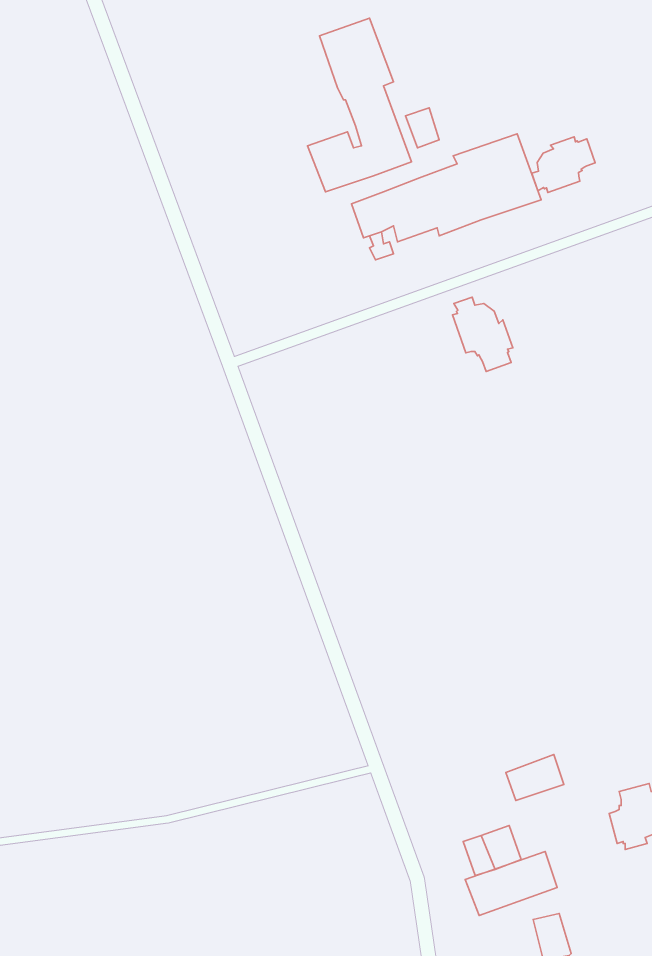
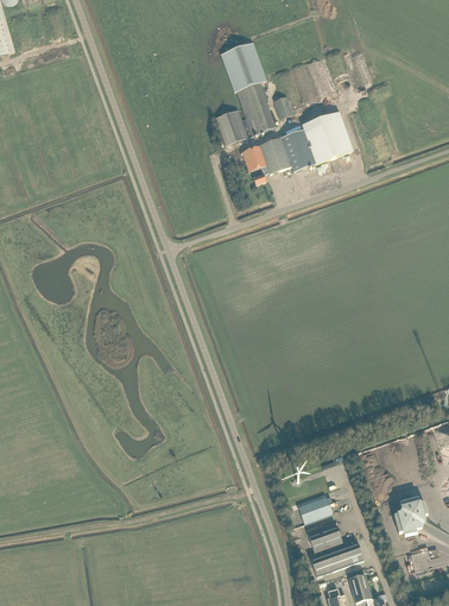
building: [532,137,595,193] -> none
building: [452,297,513,371] -> none
building: [506,754,564,800] -> [297,495,331,523]

